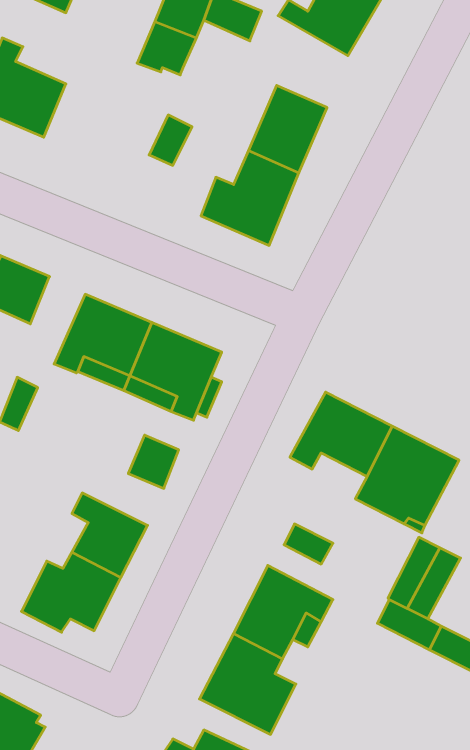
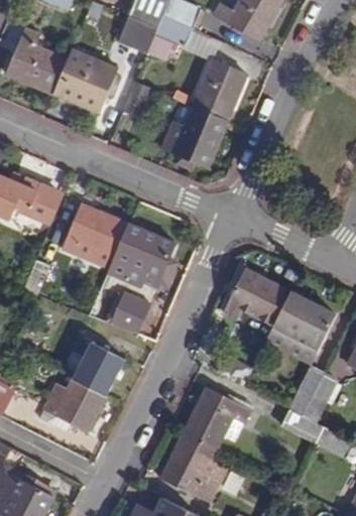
building: none -> [148,16,194,53]
building: none -> [53,48,119,116]

